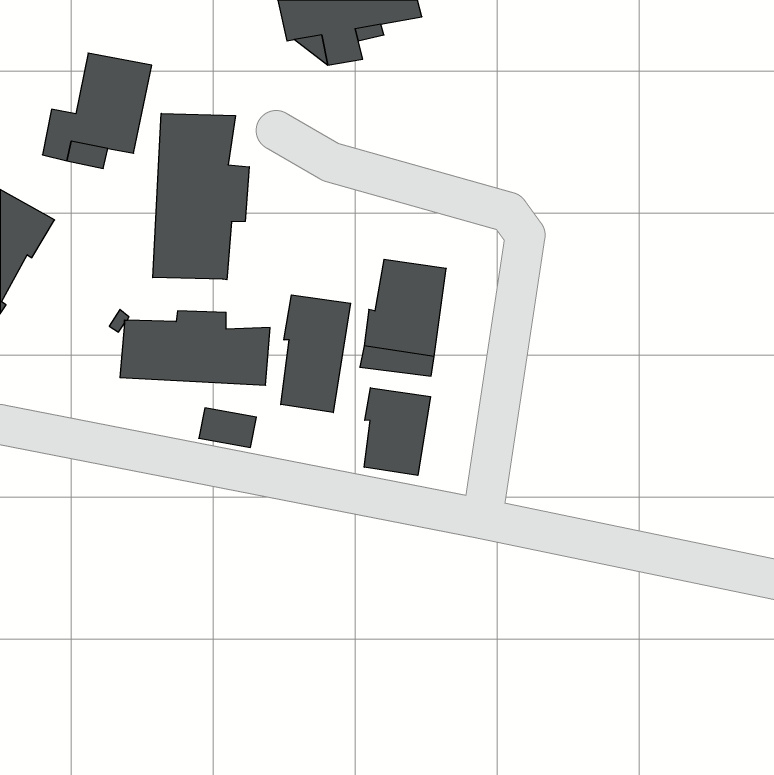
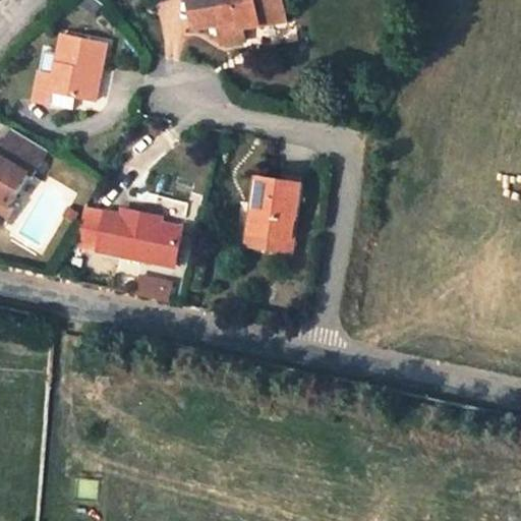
building: [153,113,249,280] -> none
building: [281,295,351,413] -> none
building: [364,388,430,475] -> none

